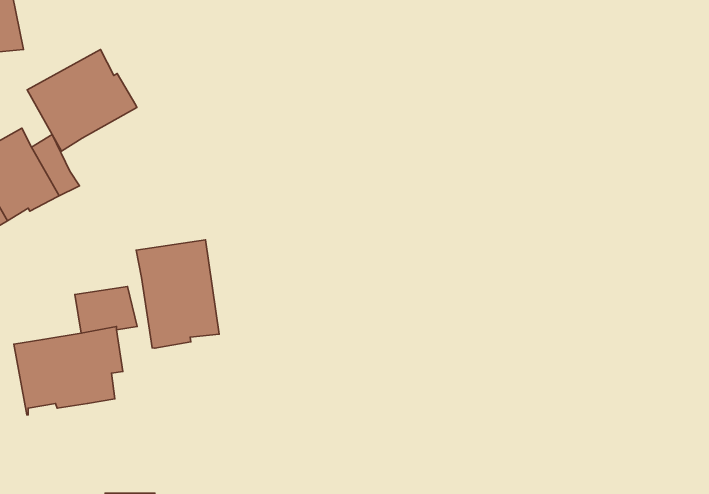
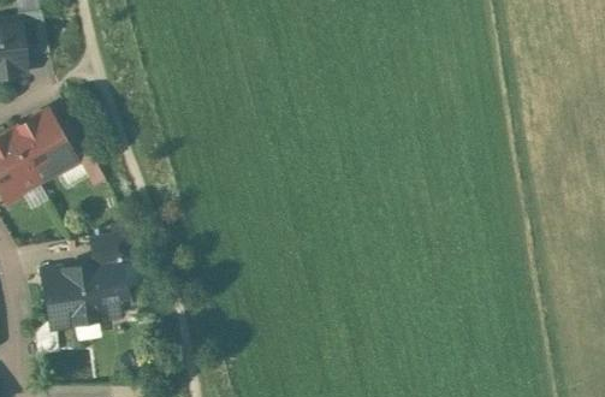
building: [27,50,137,151] -> none
building: [136,240,219,348] -> none

